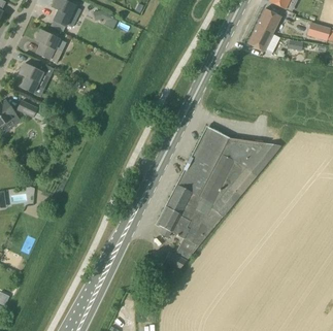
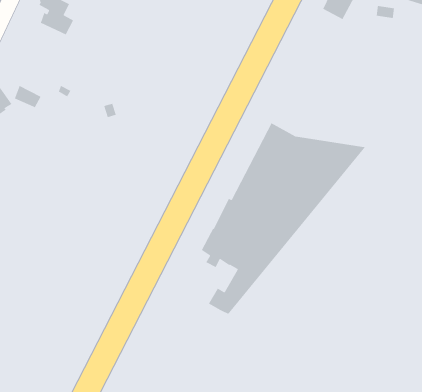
building: [19,62,42,92] -> none

